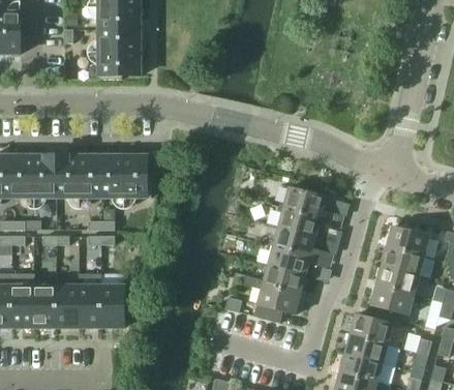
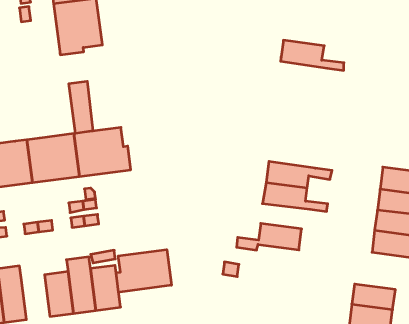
building: none -> [69,81,93,133]
building: [283,186,343,222] -> [281,40,344,70]
building: [268,245,332,274] -> none
building: none -> [116,250,171,292]
building: [253,283,301,322] -> none
building: [33,286,56,326] -> none
building: [350,313,393,343] -> none

